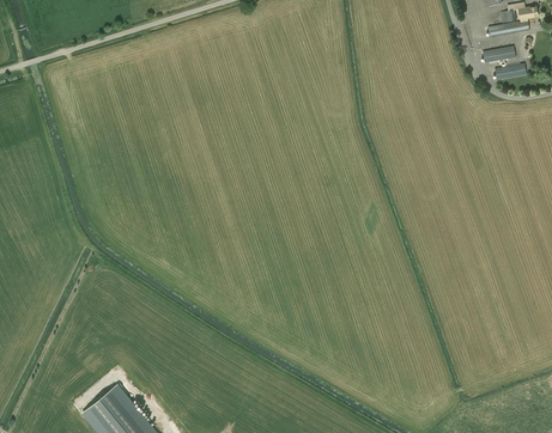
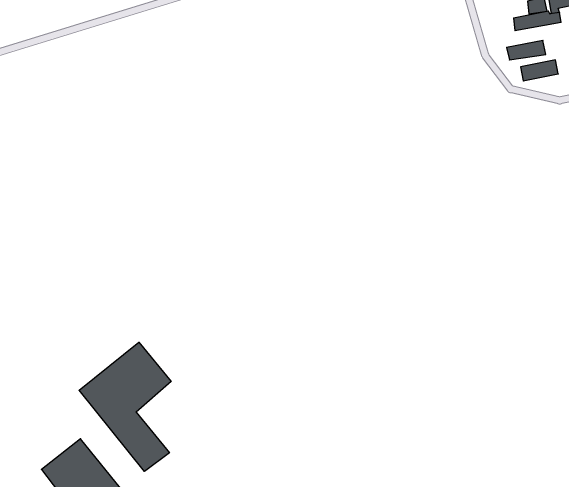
building: none -> [79,342,171,471]

